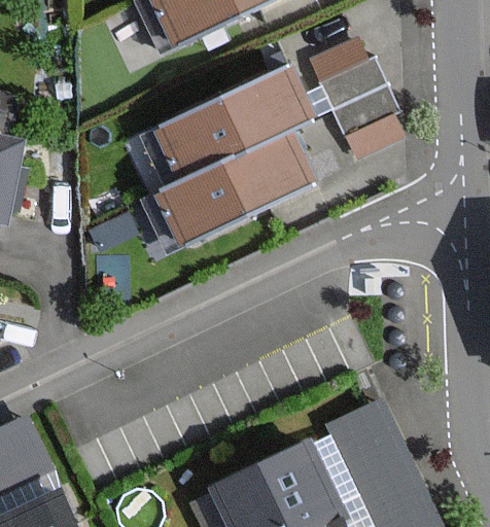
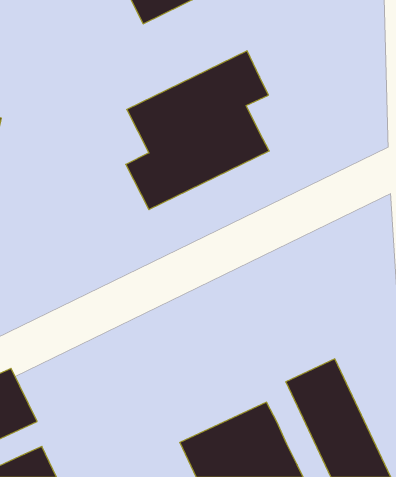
building: [313,42,397,152] -> none

